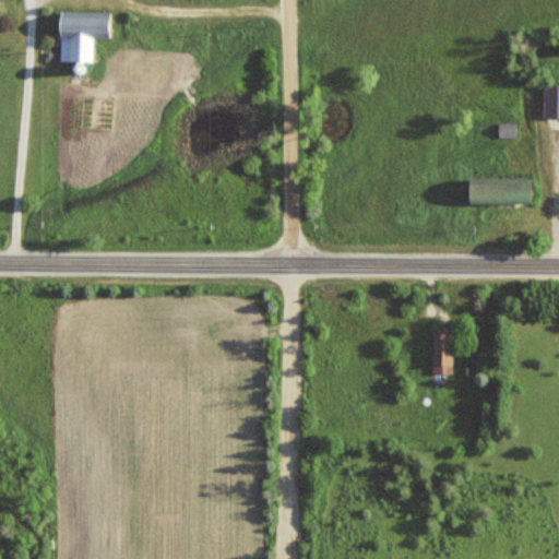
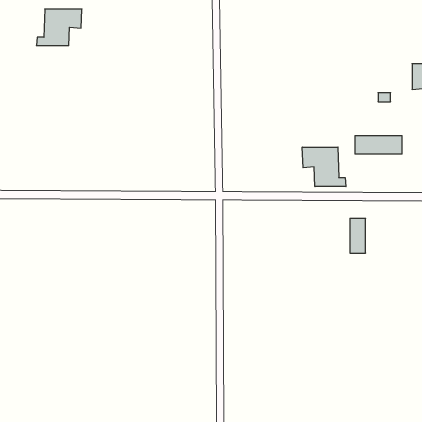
building: none -> [302,147,346,187]
building: [433,326,454,372] -> [350,218,366,253]

